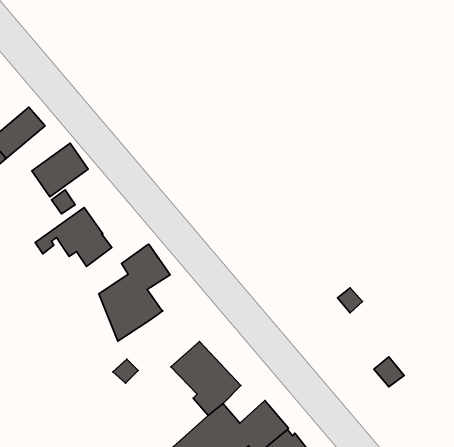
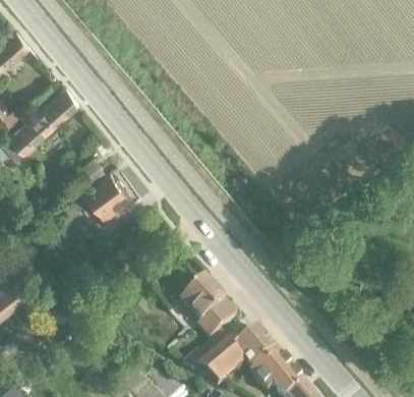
building: [32,143,88,197] -> none
building: [99,244,170,341] -> none

